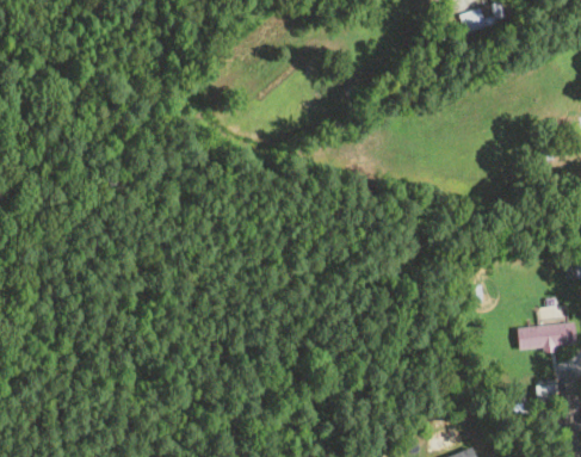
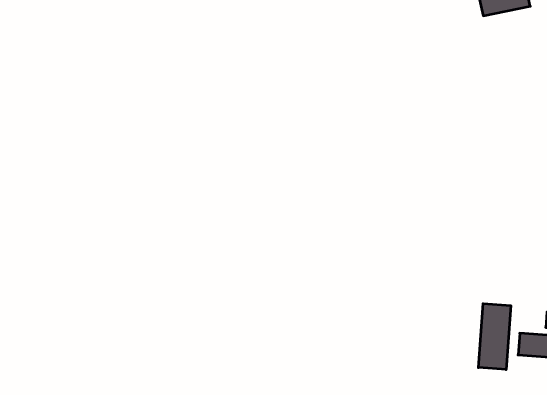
building: none -> [478,304,511,370]

